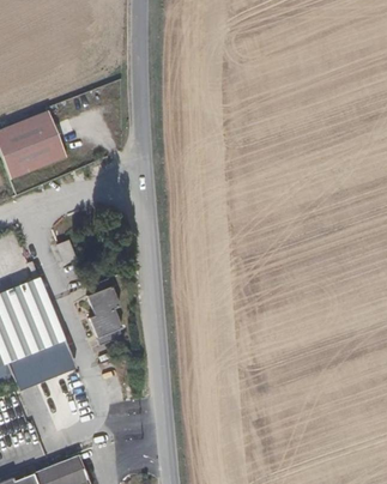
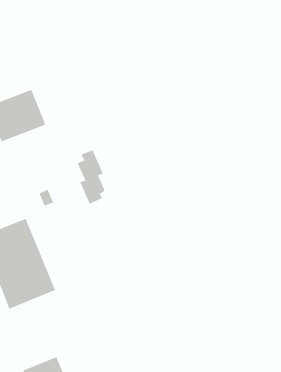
building: [87,282,123,350] -> [77,150,106,204]

